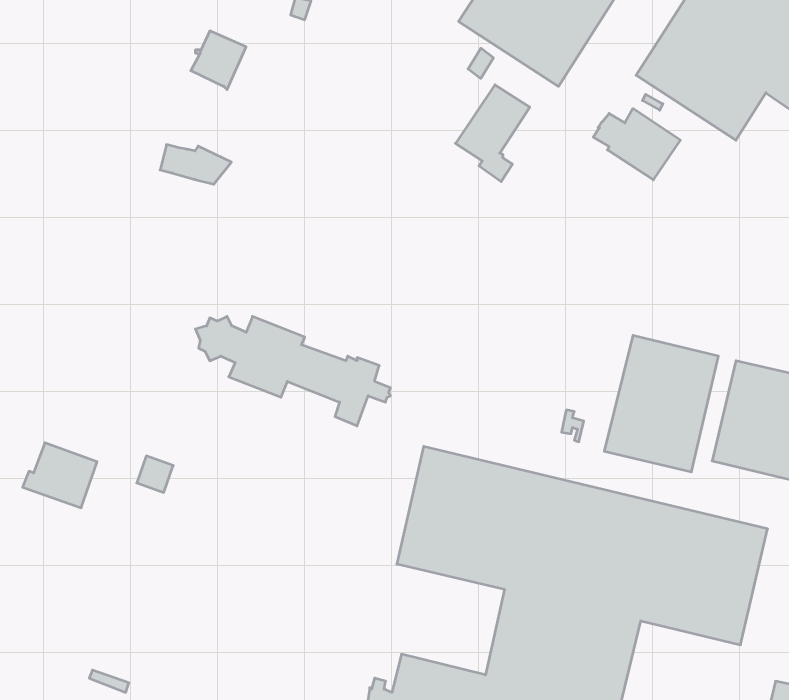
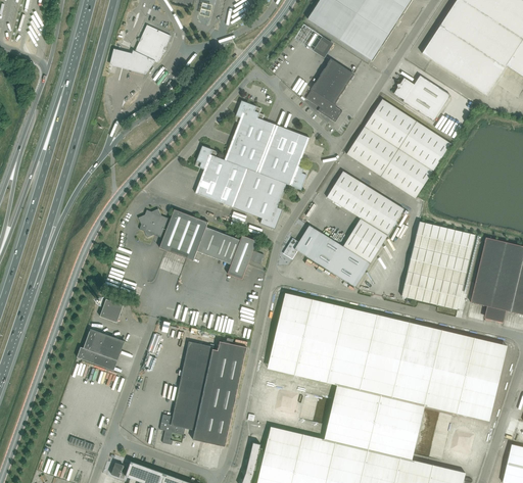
building: [160,145,231,184] -> [110,50,156,76]
building: none -> [346,99,450,199]
building: none -> [195,102,310,228]
building: none -> [284,172,405,287]
building: [23,443,97,508] -> [77,329,125,371]
building: none -> [160,341,247,447]

